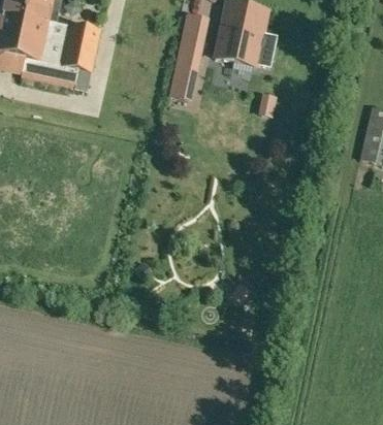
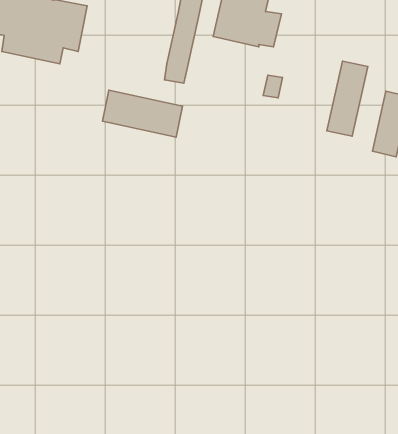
building: none -> [327,61,368,136]
building: none -> [102,90,183,137]

